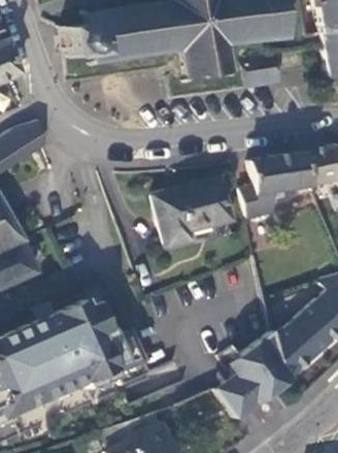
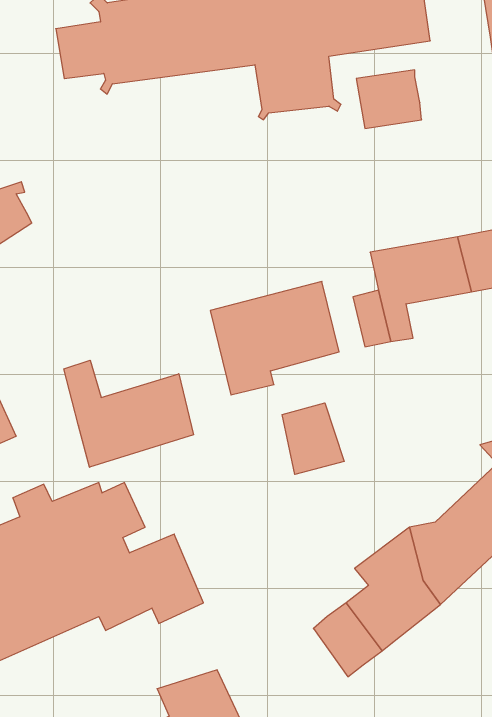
building: none -> [64,360,193,467]
building: none -> [282,403,344,474]

